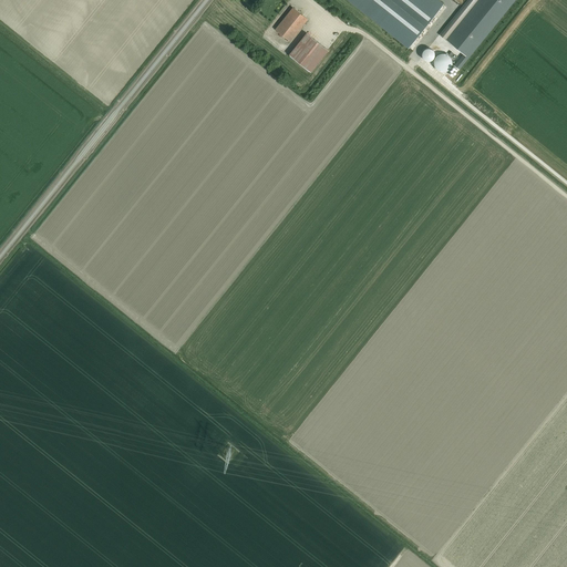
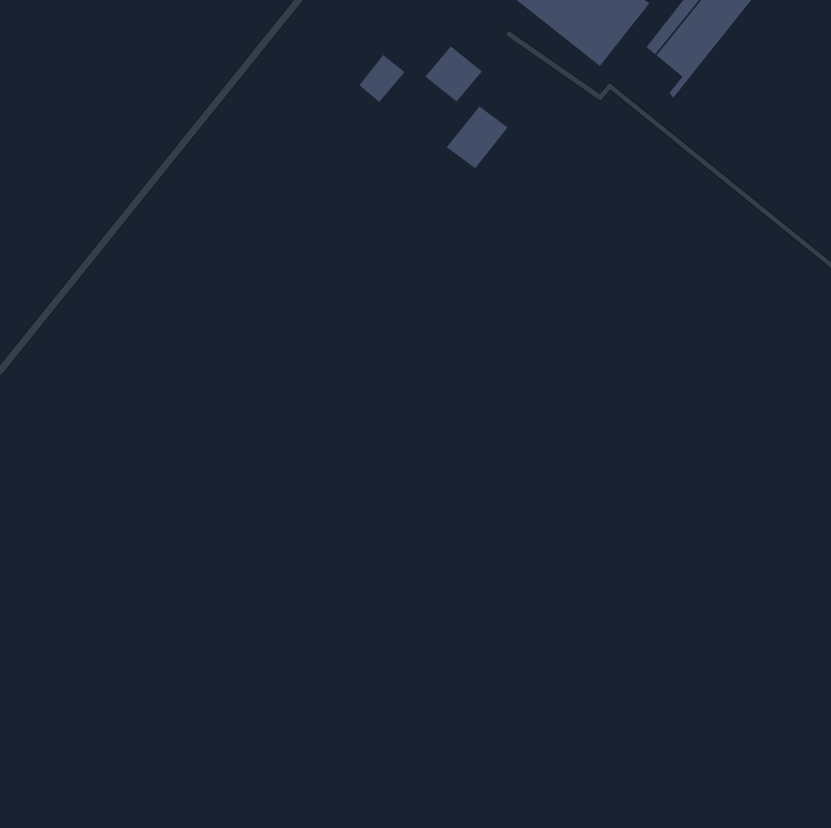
building: [276,6,308,39] -> [358,54,406,103]
building: none -> [446,106,509,169]

